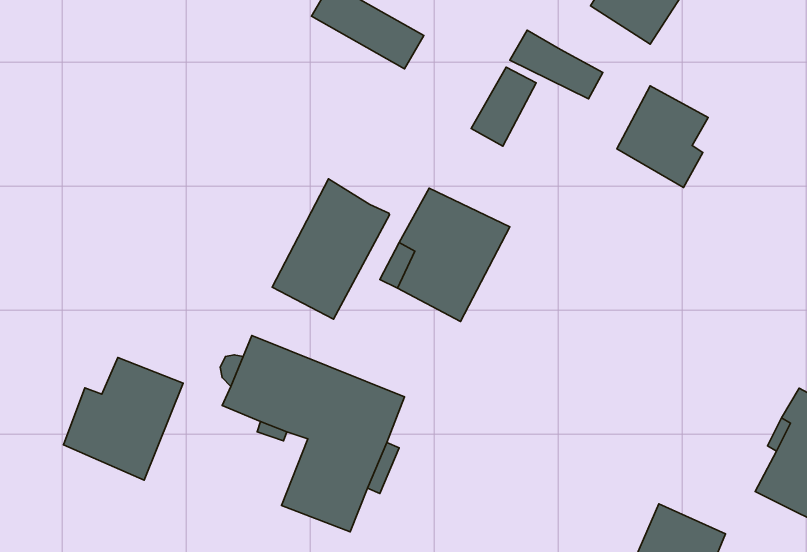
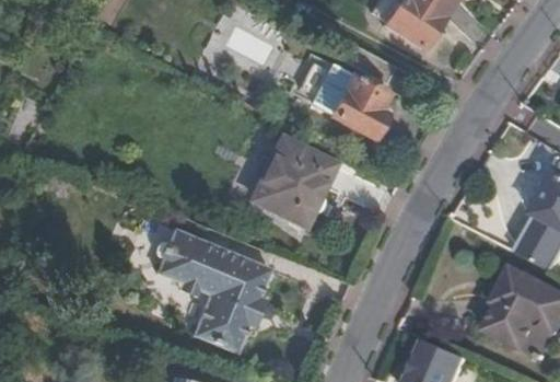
building: [617,86,708,188] -> [328,73,385,137]
building: [272,179,390,319] -> none
building: [64,358,183,480] -> none

